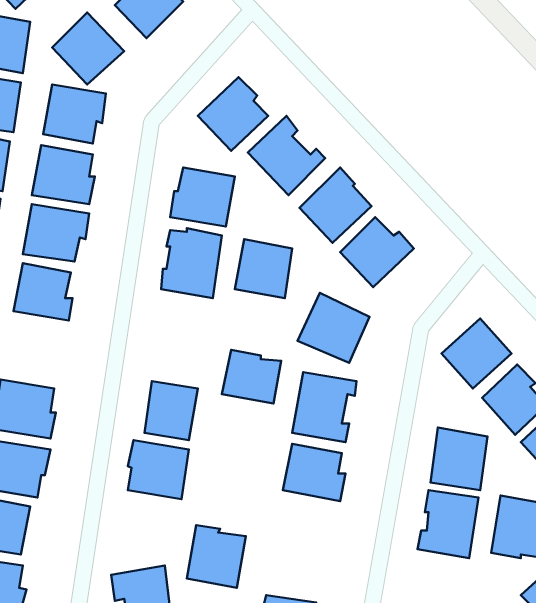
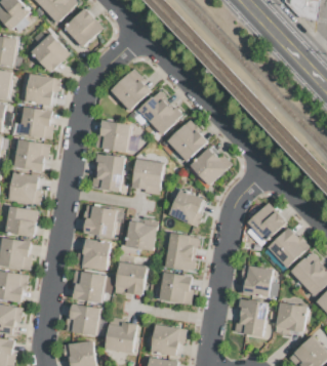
building: none -> [83,204,118,238]
building: none -> [6,206,39,237]
building: none -> [116,261,148,295]
building: none -> [65,303,101,335]
building: none -> [152,324,181,356]

